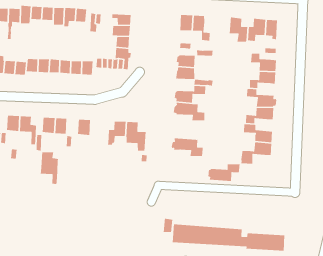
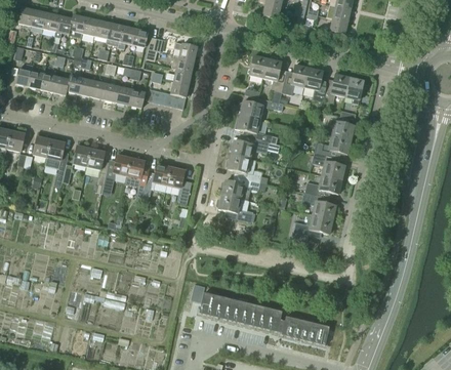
building: none -> [282,66,310,95]
building: [40,151,59,185] -> [125,158,150,199]
building: [207,164,240,182] -> [220,179,260,201]

